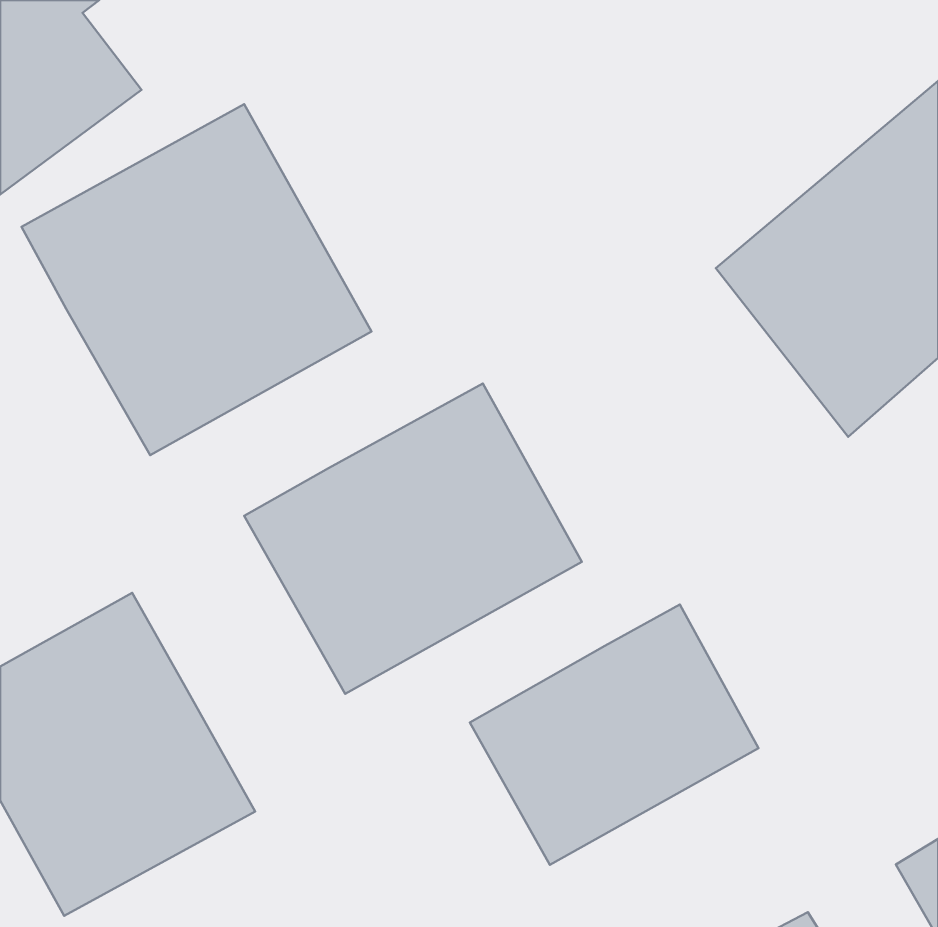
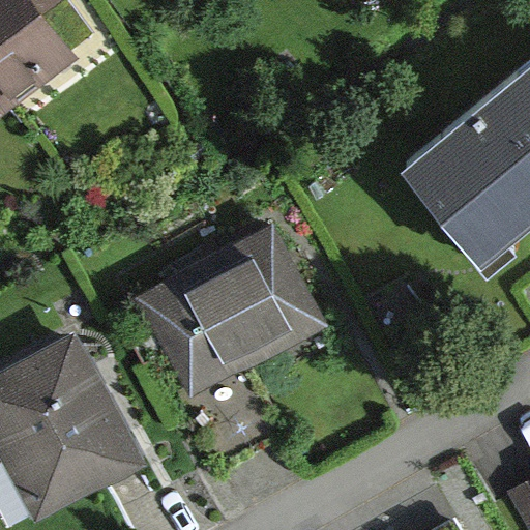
building: [21,104,371,455] -> none
building: [470,604,759,865] -> none

